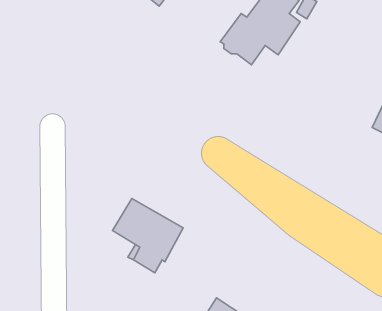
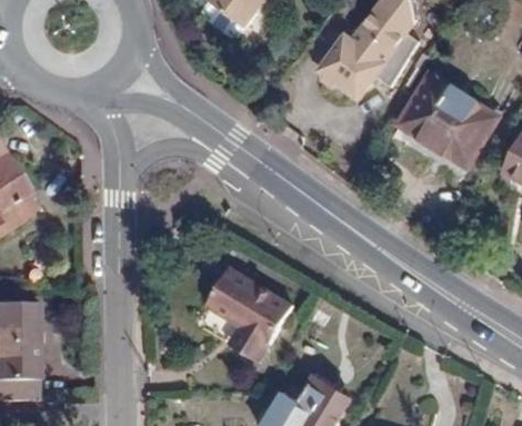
building: none -> [401,75,499,166]

